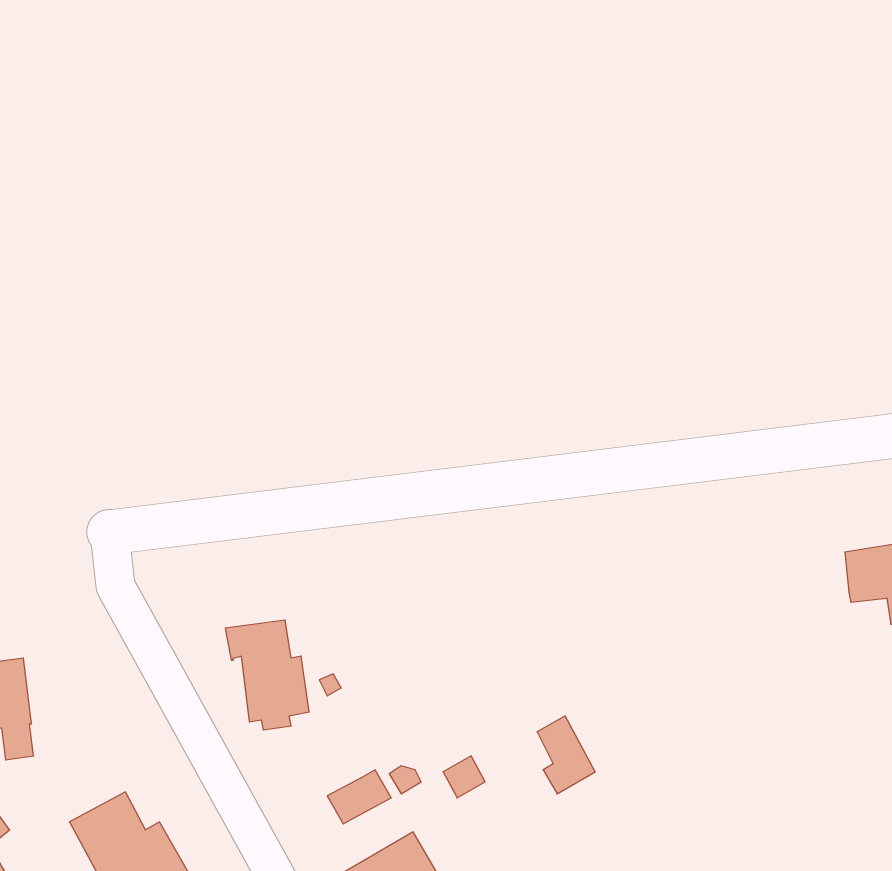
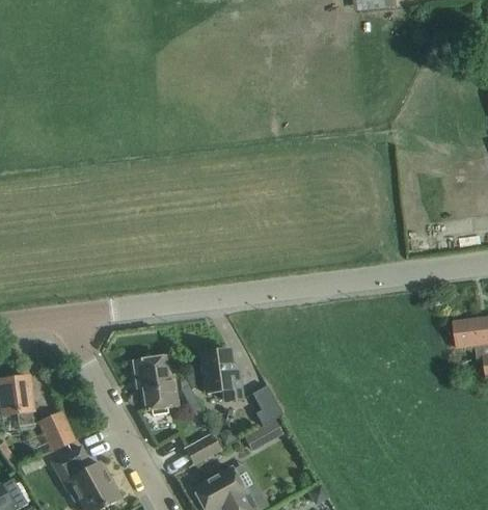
building: none -> [200,349,242,400]
building: [537,716,595,794] -> [252,384,282,425]
building: none -> [39,411,74,450]

